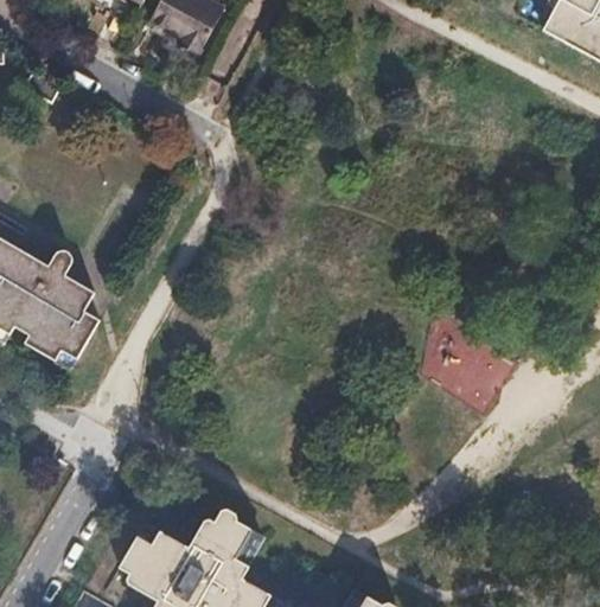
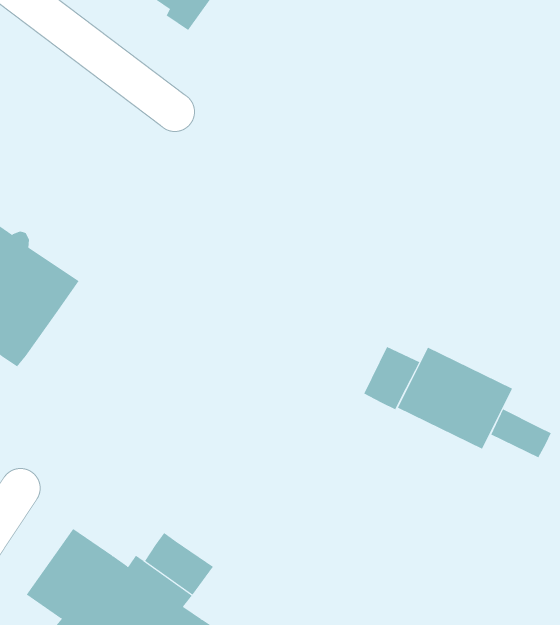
building: none -> [363,346,420,410]
building: none -> [491,408,552,458]

